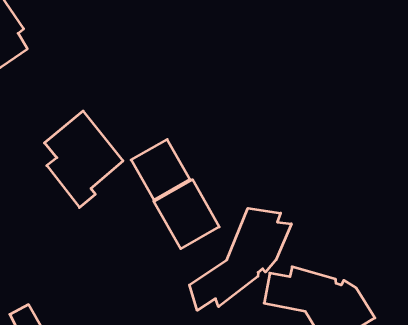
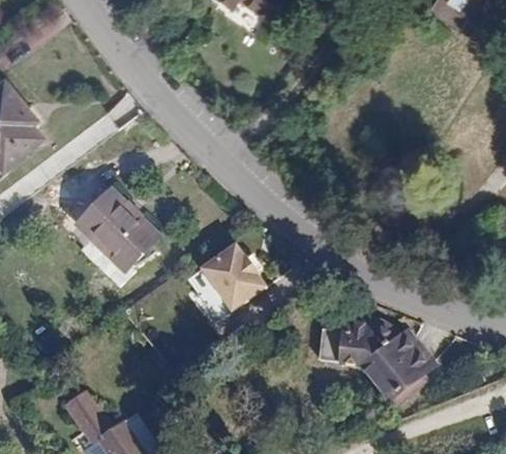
building: [131,139,190,200] -> none
building: [189,208,291,310] -> none

